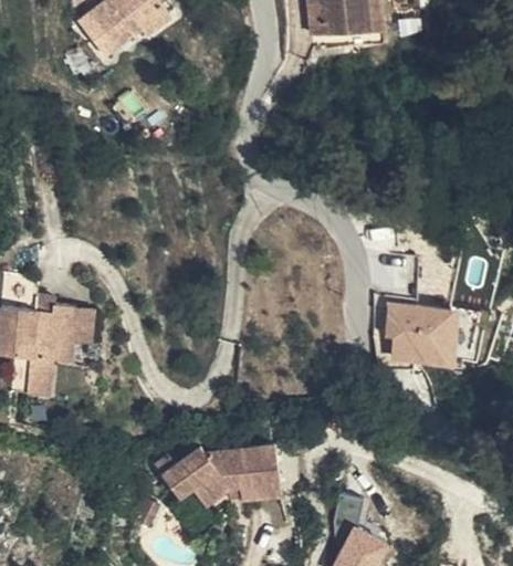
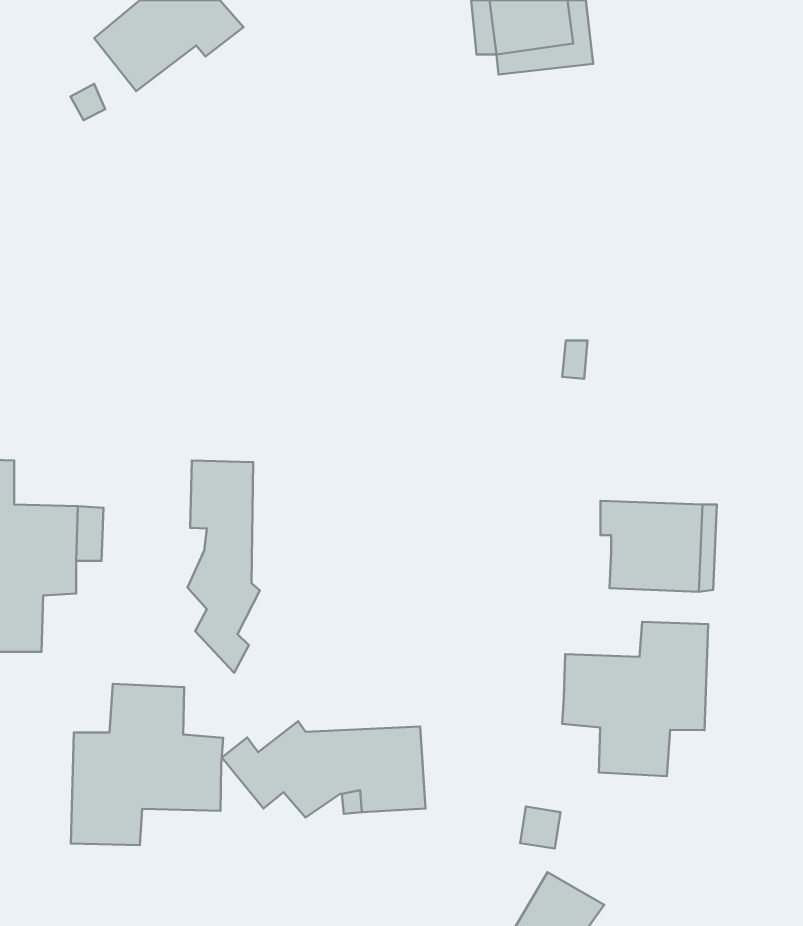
building: none -> [187,460,260,673]
building: none -> [562,622,708,776]
building: none -> [71,684,223,845]

